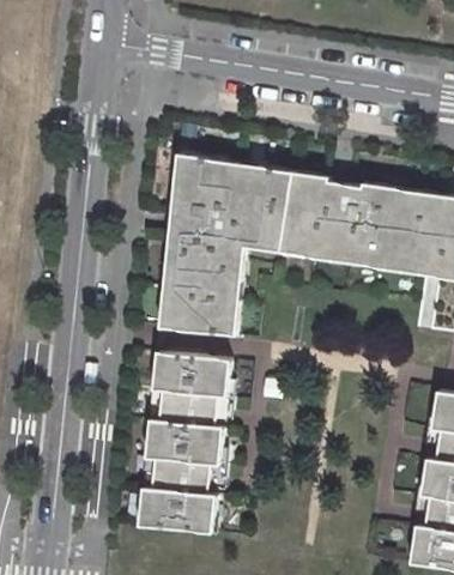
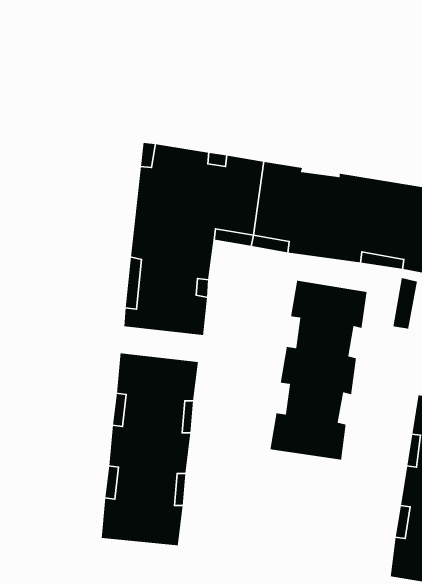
building: none -> [269,280,367,461]

